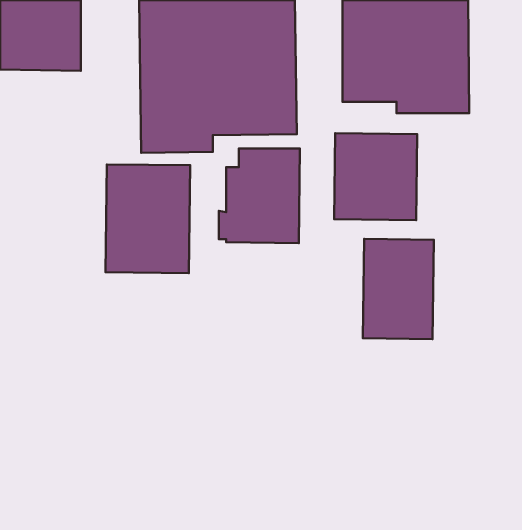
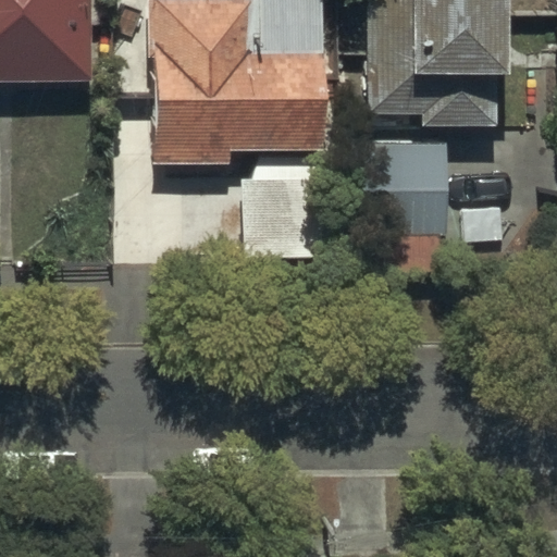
building: [105,164,190,273] -> none
building: [363,239,434,339] -> none

